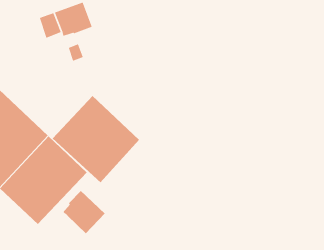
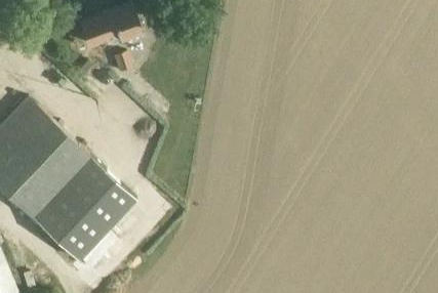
building: [52,95,140,183] -> none
building: [62,190,105,234] -> none

